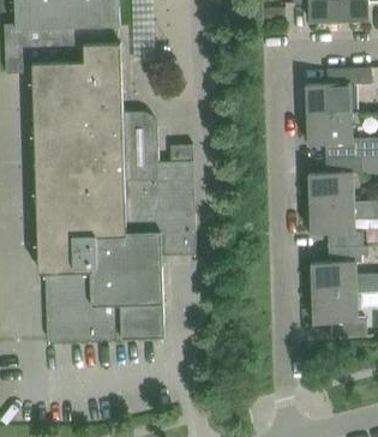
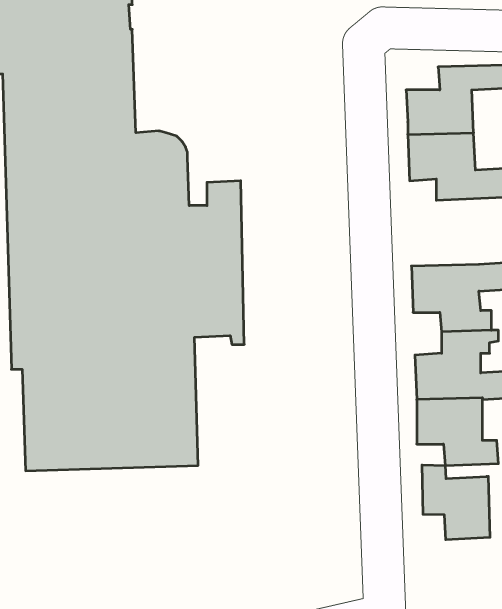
building: [308,157,362,203] -> none
building: none -> [422,465,490,540]

